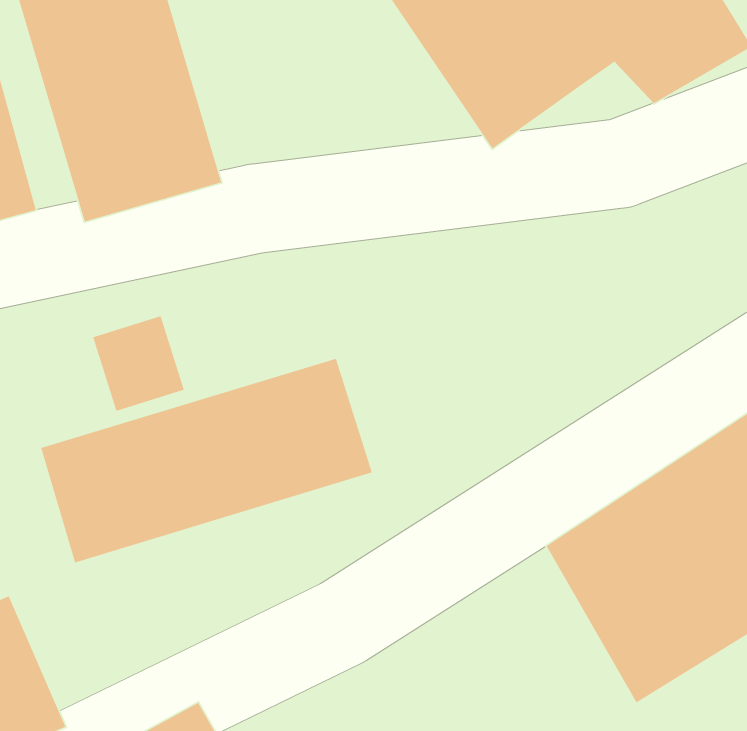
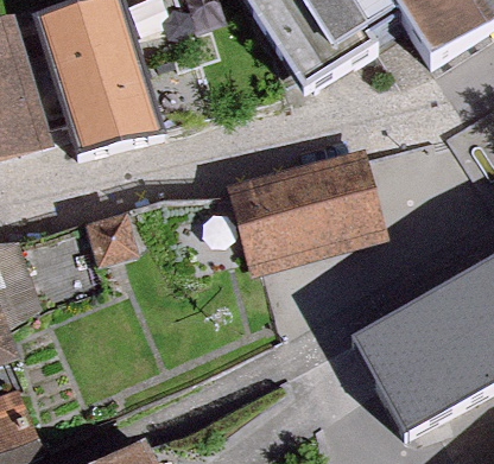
building: none -> [230,151,388,272]
building: [40,358,373,564] -> none

